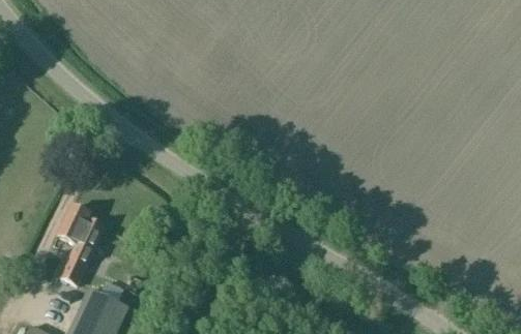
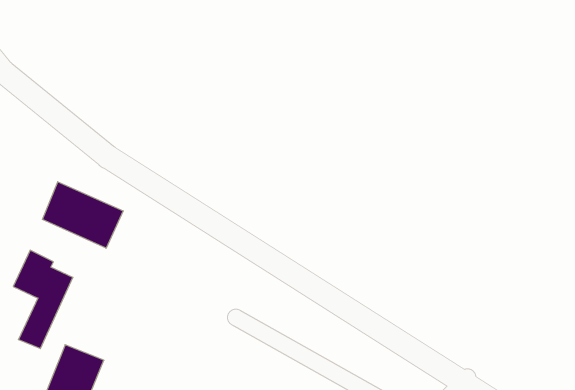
building: none -> [42,182,123,248]

